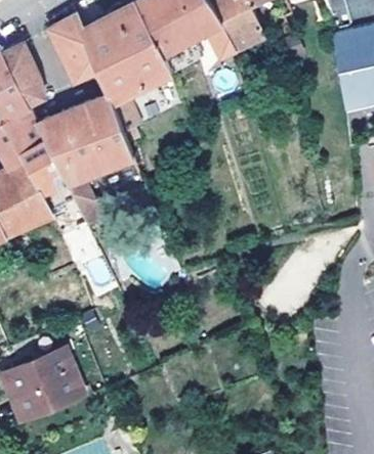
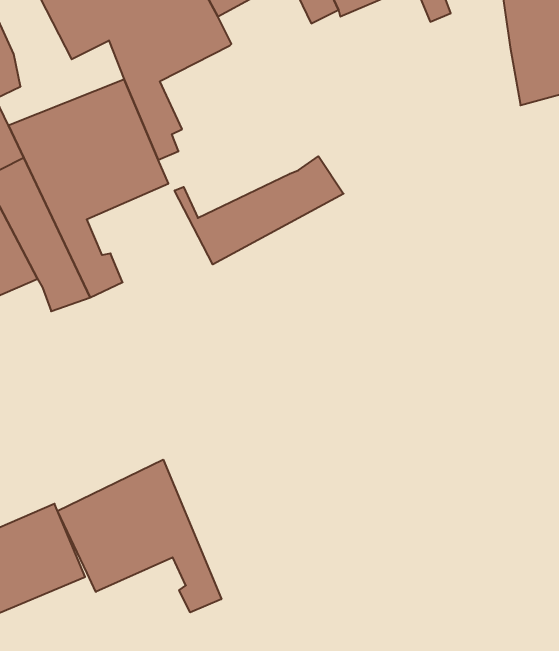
building: none -> [175,156,344,264]
building: none -> [57,460,221,612]

